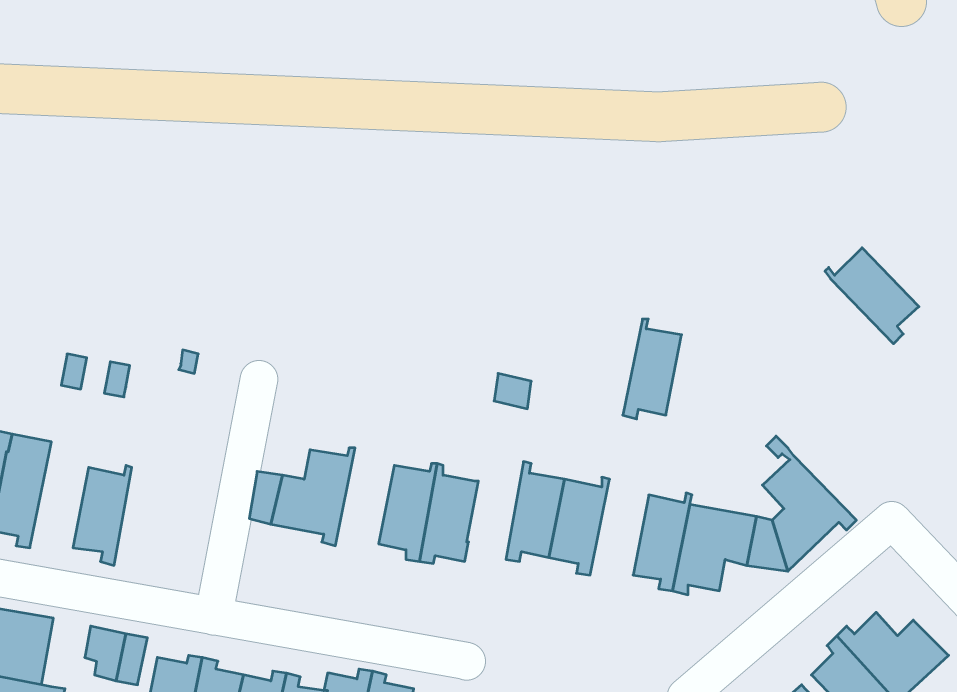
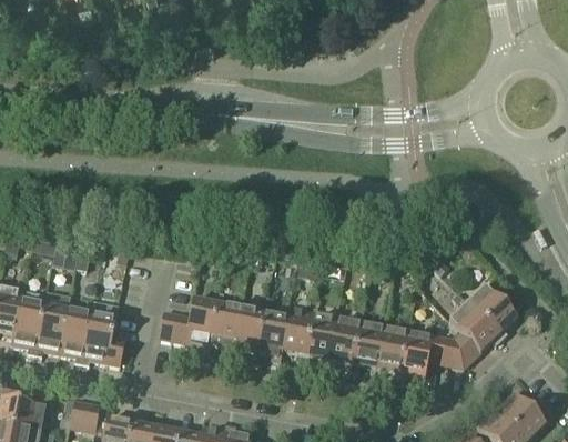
building: [825,248,919,344] -> [464,287,517,341]
building: [623,319,682,419] -> [352,318,385,374]
building: none -> [34,293,71,359]
building: none -> [207,300,241,356]
building: none -> [82,303,125,368]
building: none -> [282,308,314,363]

